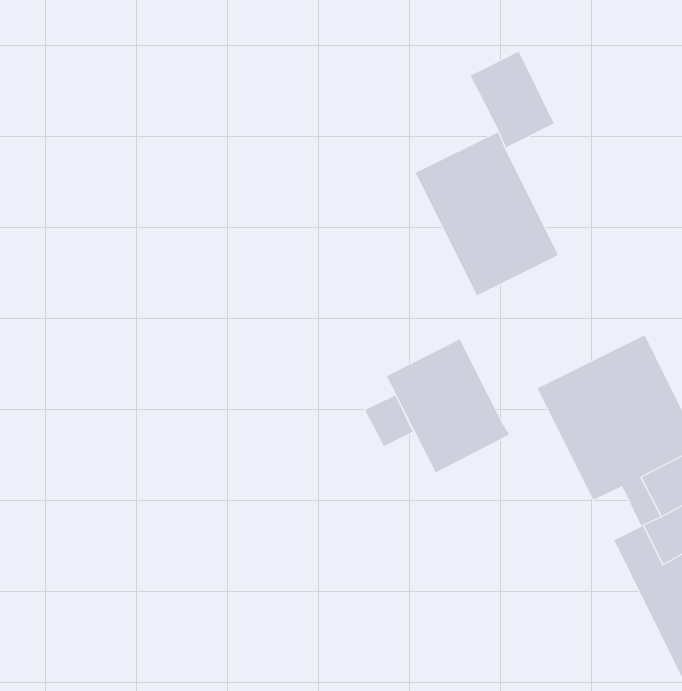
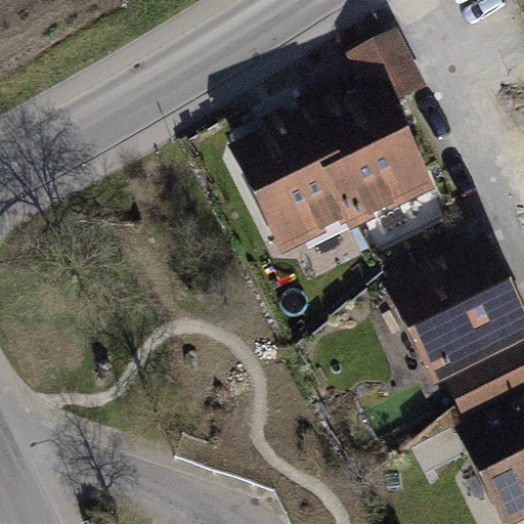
building: none -> [258,128,365,251]
building: [386,339,510,473] -> none

